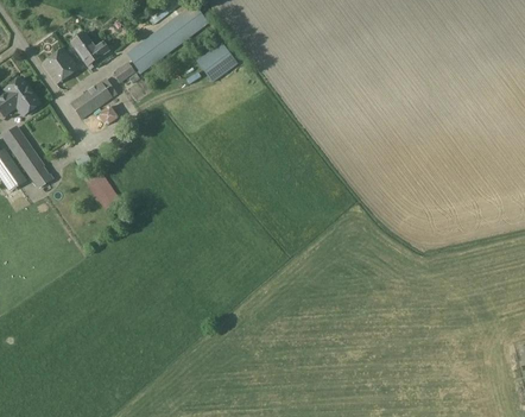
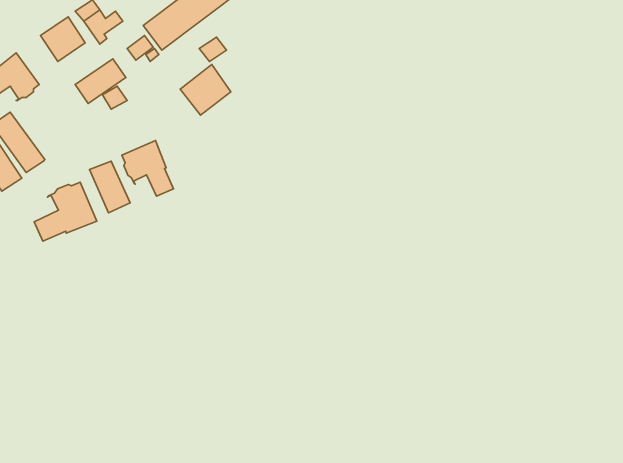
building: [196,40,238,82] -> [180,65,231,115]
building: none -> [122,141,173,196]
building: none -> [34,182,97,241]

